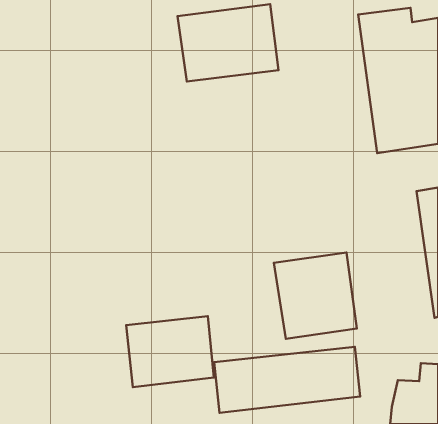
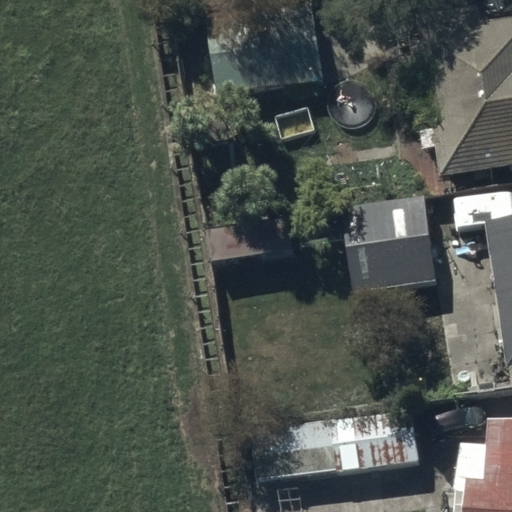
building: [274,252,357,339] -> [341,194,438,295]
building: [126,316,214,387] -> none

